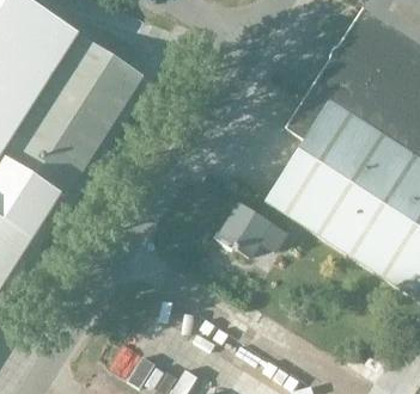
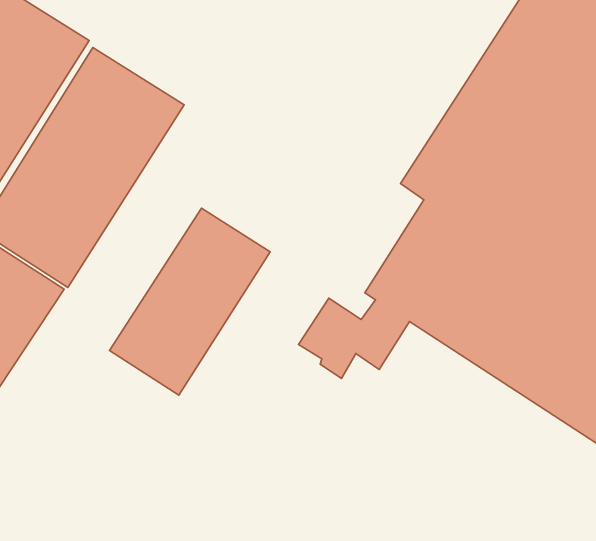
building: none -> [110,208,270,395]

